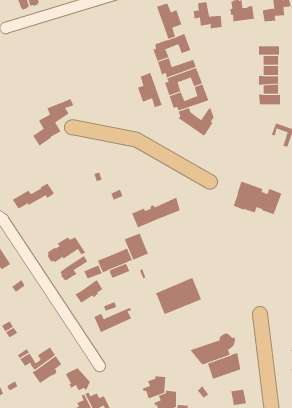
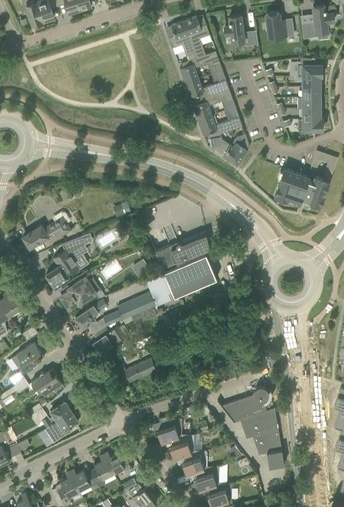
building: [137,72,162,108] -> [168,21,196,61]
building: [32,98,74,147] -> [46,233,93,287]
building: [233,181,282,215] -> [274,168,329,206]
building: [155,277,202,315] -> [164,254,216,296]
building: none -> [16,343,44,371]
building: none -> [31,369,62,396]
building: none -> [155,415,181,444]
building: [65,367,91,391] -> none
building: none -> [252,427,281,454]

